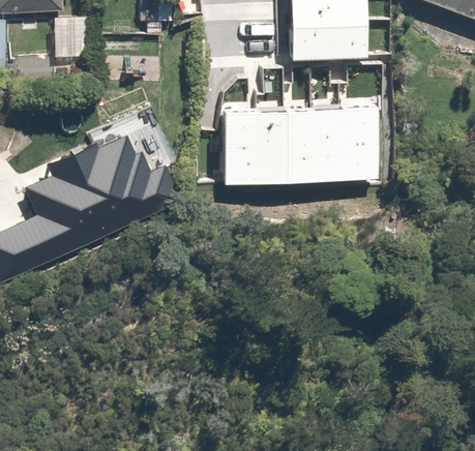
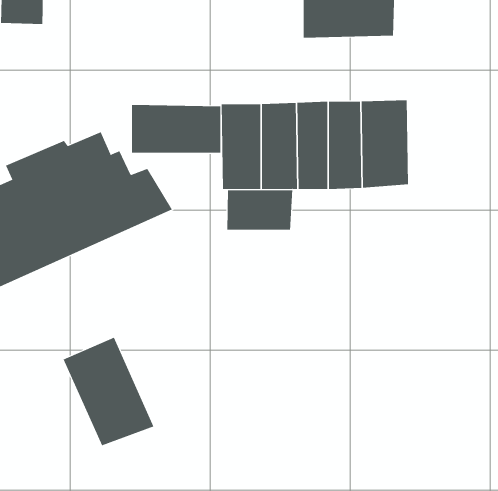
building: none -> [131,104,221,154]
building: none -> [227,189,293,231]
building: none -> [63,337,154,446]

